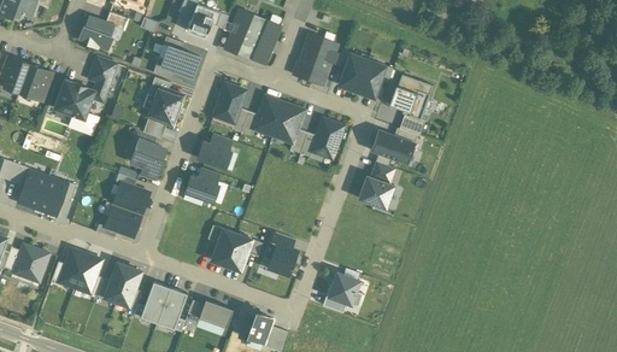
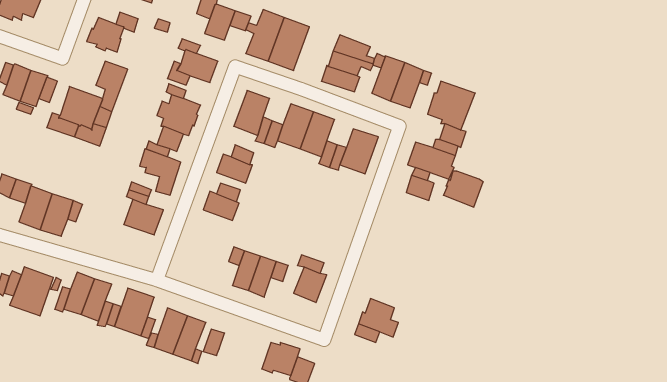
building: [358,176,394,209] -> [443,171,483,207]
building: [105,205,141,237] -> none
building: [200,300,233,328] -> none

